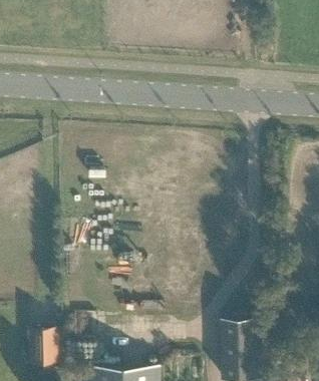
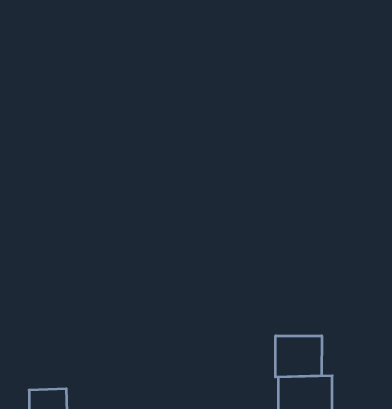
building: none -> [275,336,322,377]

